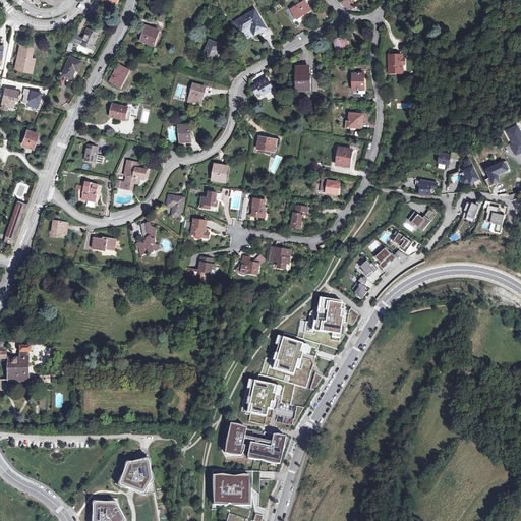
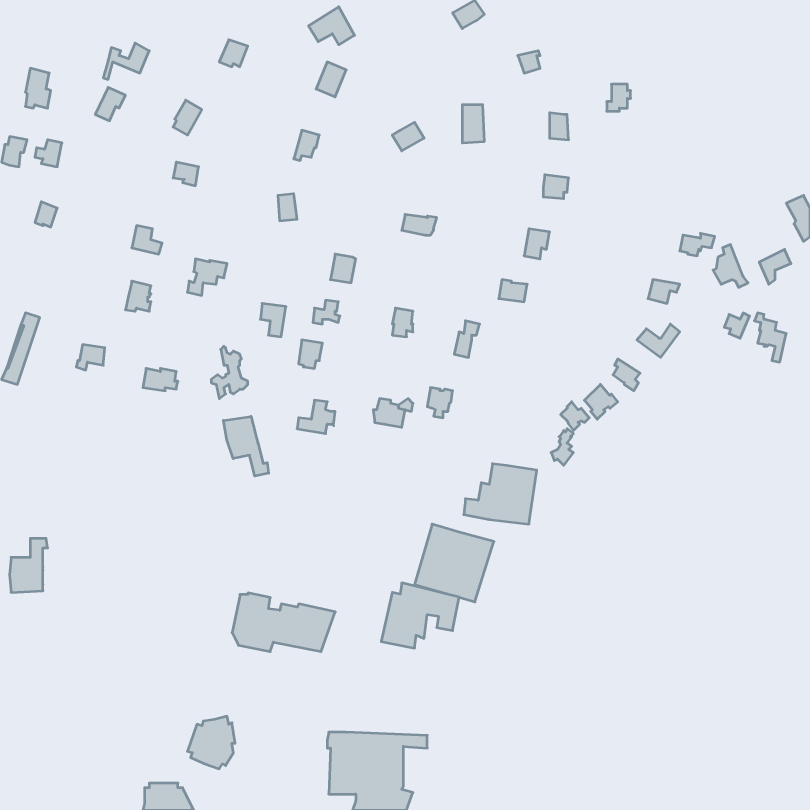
building: [235,9,265,34] -> [309,7,355,45]
building: none -> [223,416,269,476]
building: [221,424,287,462] -> [232,593,335,652]

